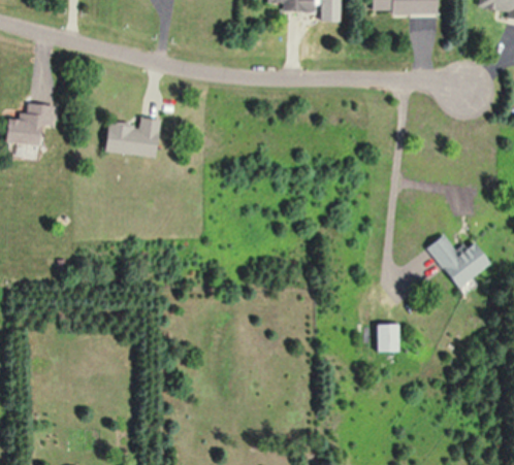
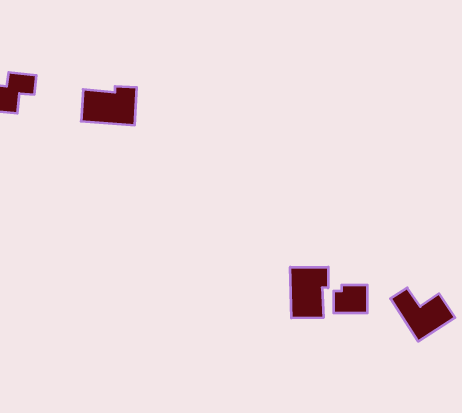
building: [426,233,493,289] -> [390,288,455,341]
building: none -> [290,267,328,318]

